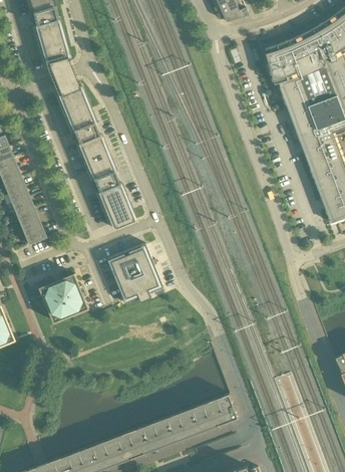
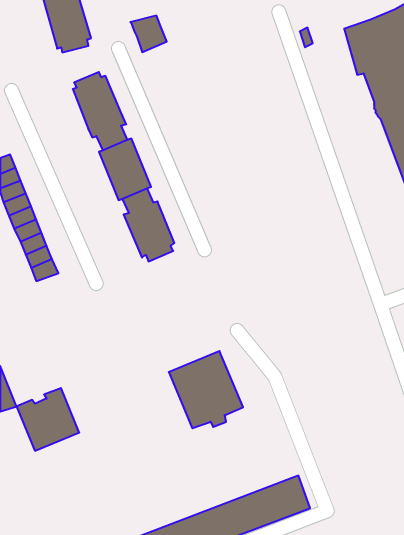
building: [48,63,76,91] -> [130,16,167,52]
building: [107,244,164,303] -> [169,351,243,428]
building: [41,274,89,322] -> [17,388,79,451]

